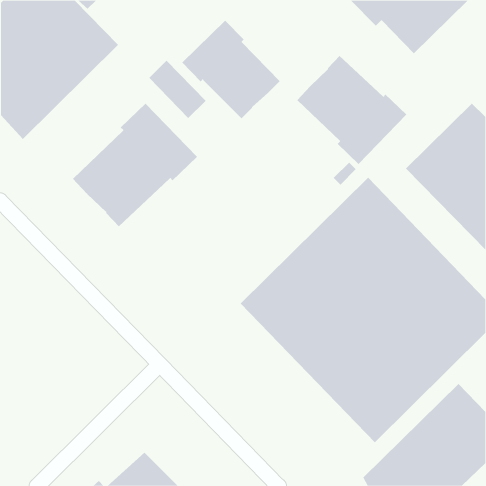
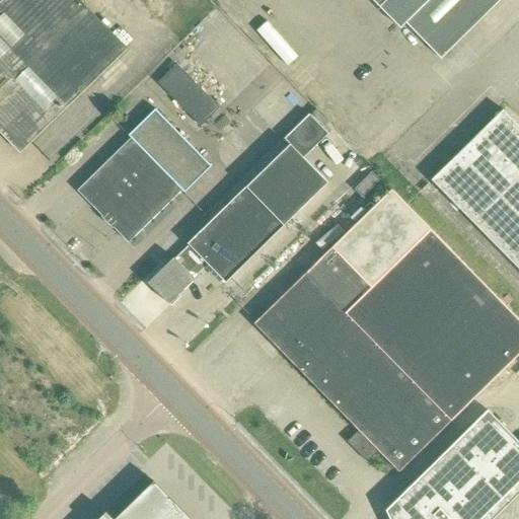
building: [181,20,281,119] -> none
building: [297,55,407,165] -> none
building: none -> [148,115,328,304]

